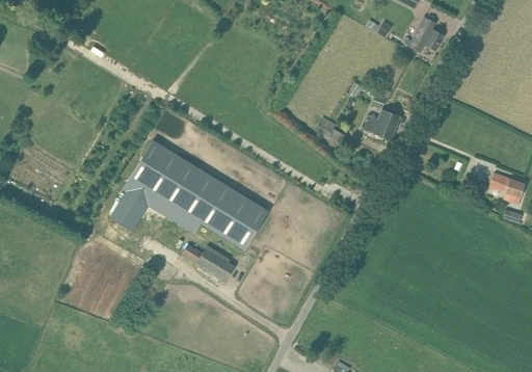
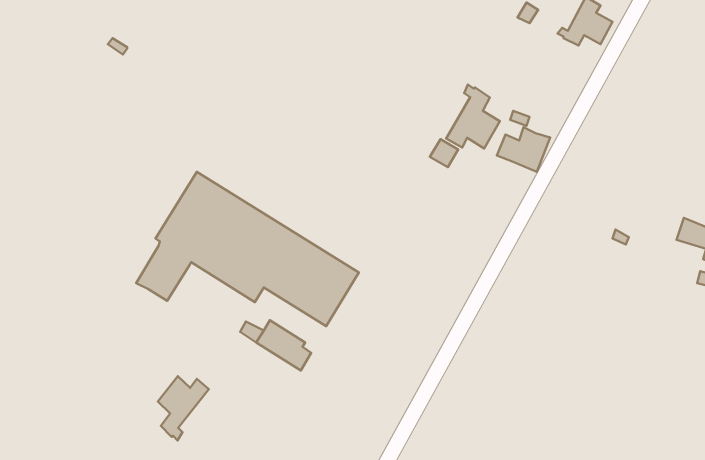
building: none -> [446,85,500,148]
building: none -> [158,376,209,440]

